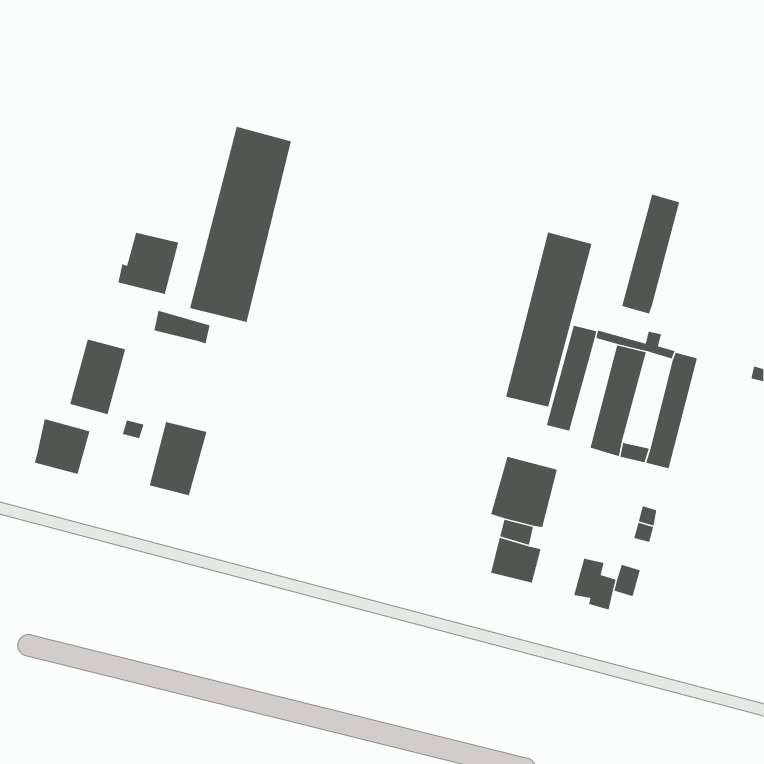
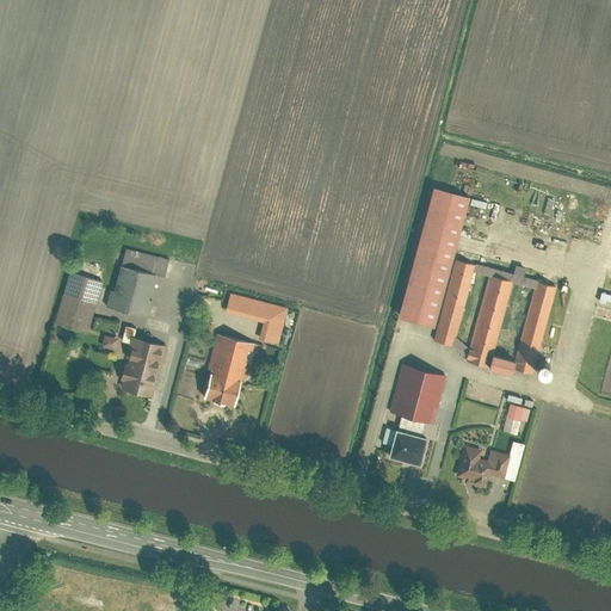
building: [189,126,292,323] -> none
building: [621,194,680,315] -> none
building: [117,232,179,295] -> [107,266,156,316]
building: none -> [226,294,286,345]
building: none -> [202,335,253,407]
building: [34,418,90,475] -> none

